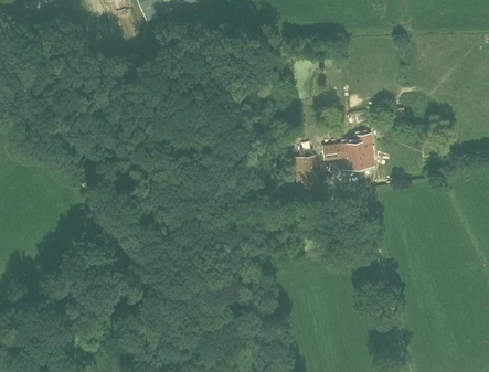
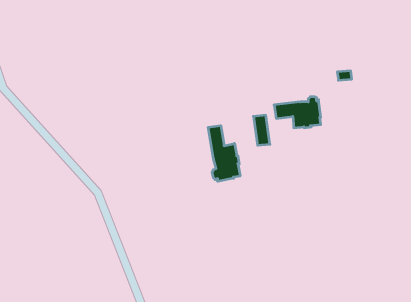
building: none -> [208,126,240,181]

